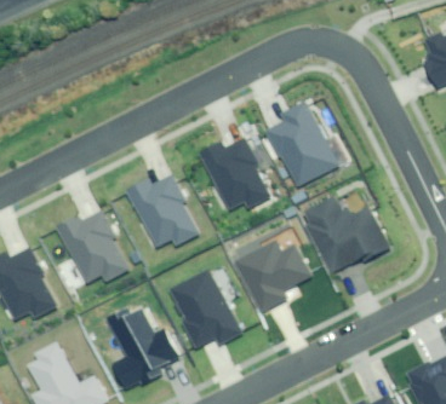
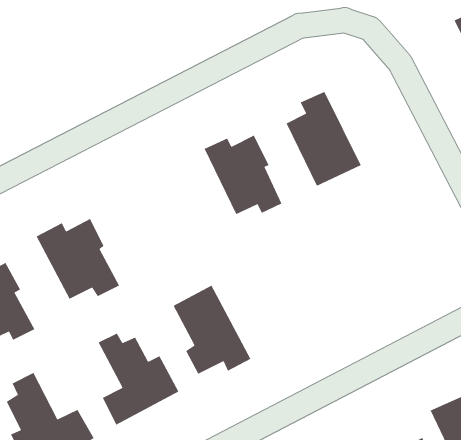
building: [127,174,196,246] -> none
building: [303,198,390,270] -> none
building: [235,237,313,311] -> none

